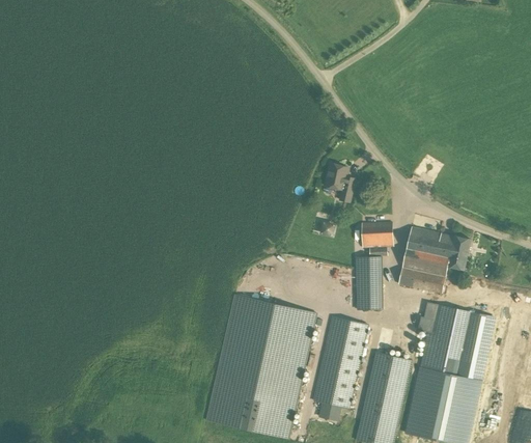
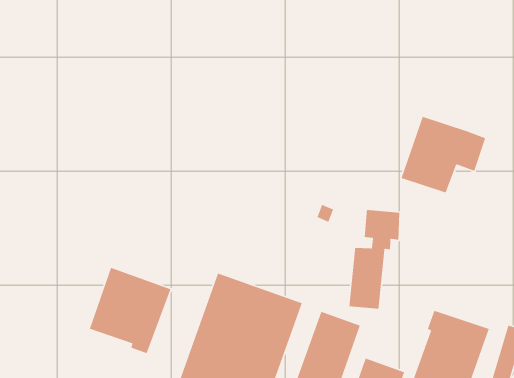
building: [323,163,353,202] -> none
building: [397,227,468,293] -> [401,116,486,194]
building: none -> [89,267,172,354]

